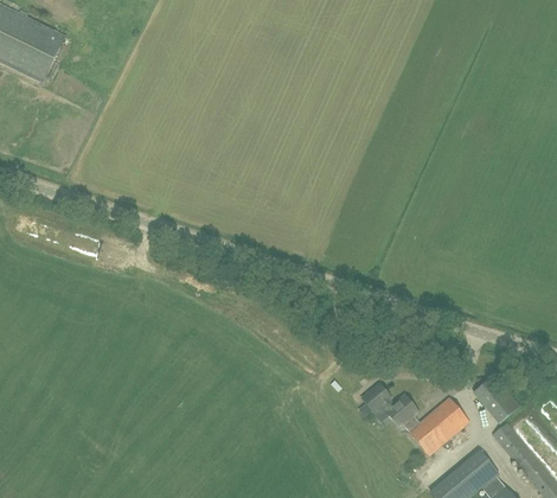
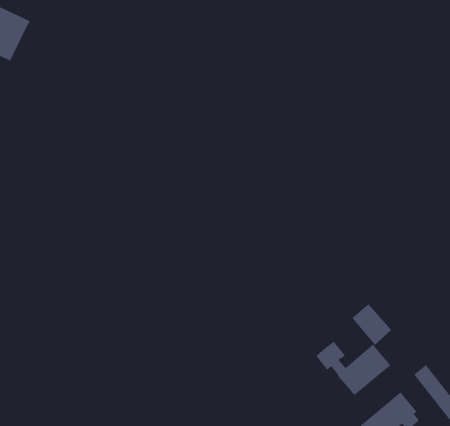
building: [474,375,519,422] -> [352,303,392,346]
building: [358,381,395,415] -> none

